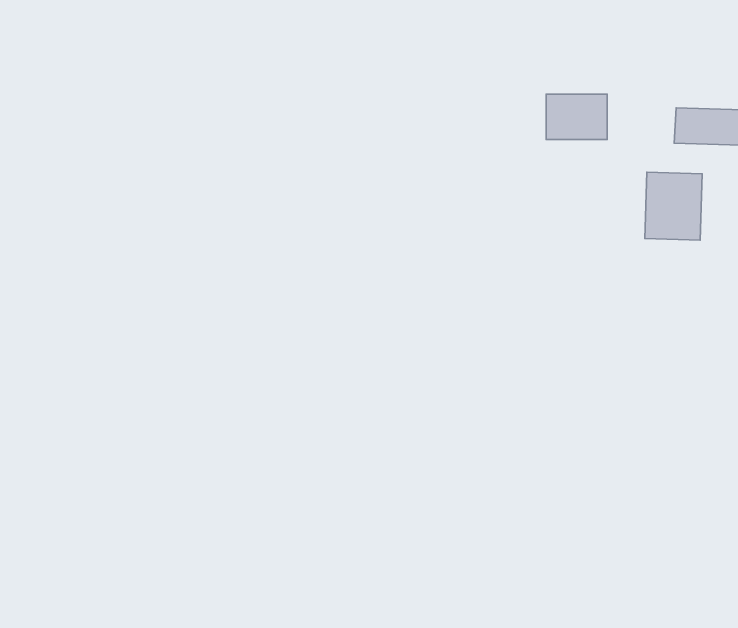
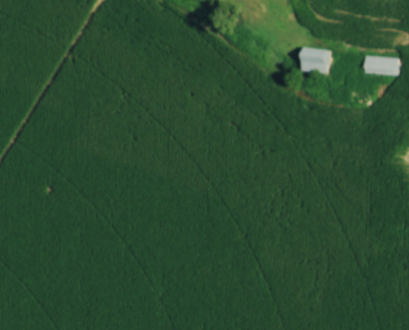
building: [645,172,702,240] -> none

